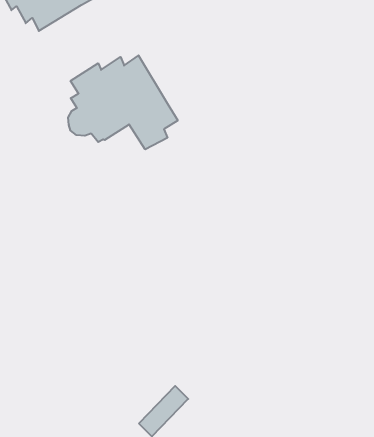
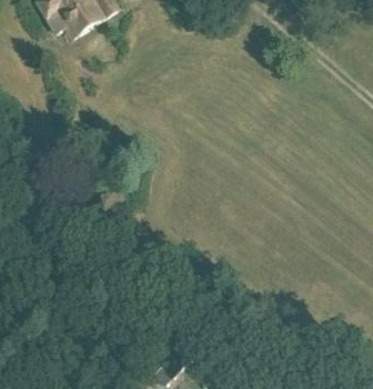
building: [68,55,178,149] -> none

